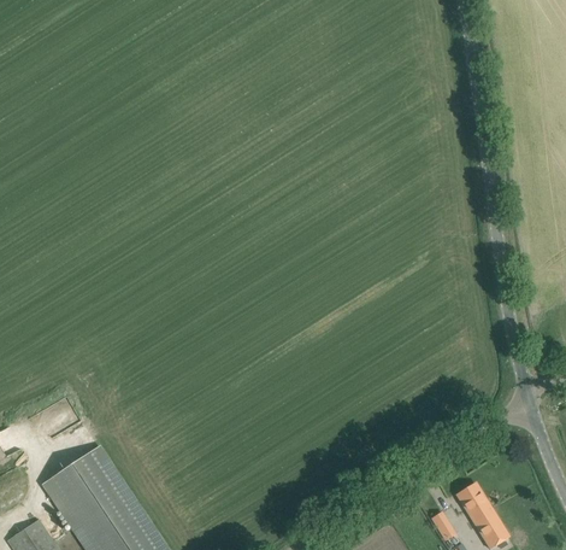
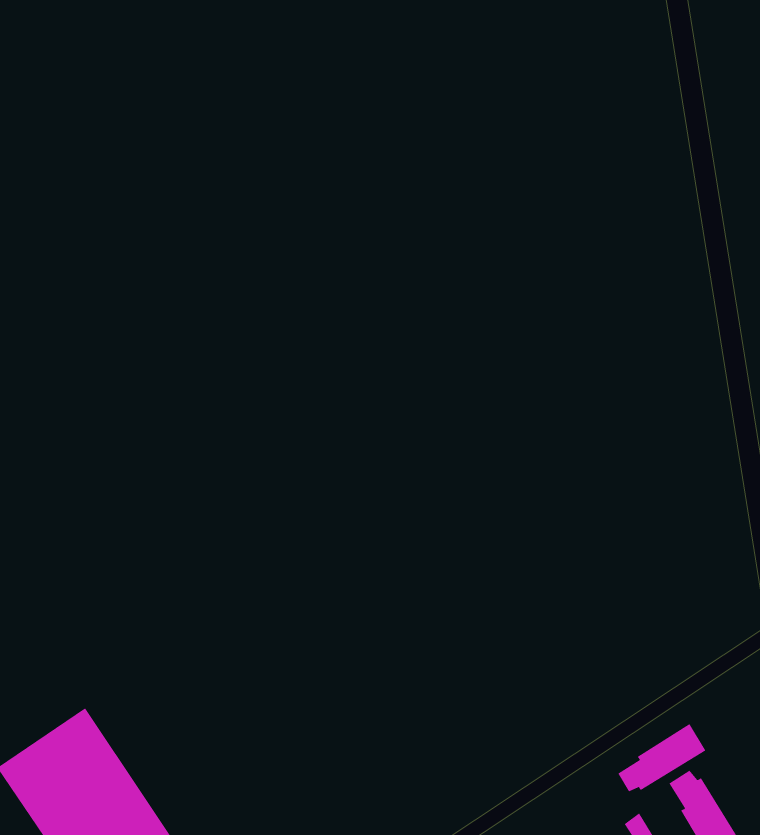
building: none -> [617,723,706,792]

